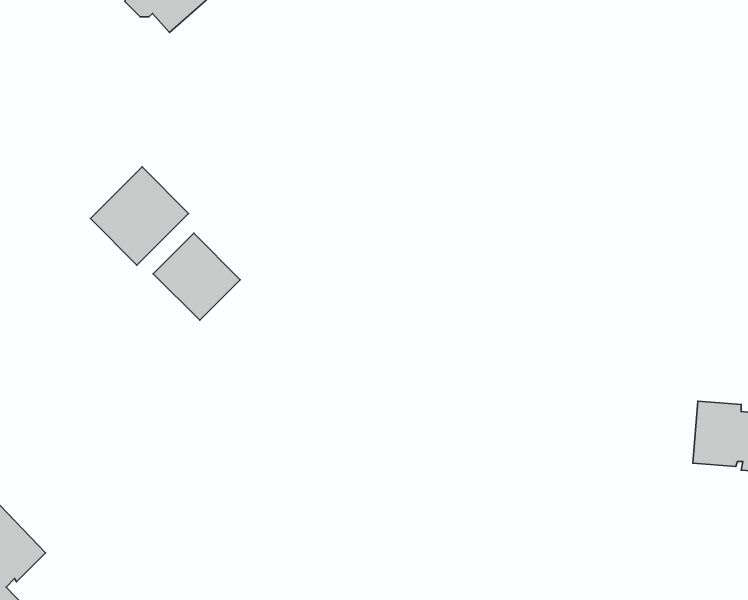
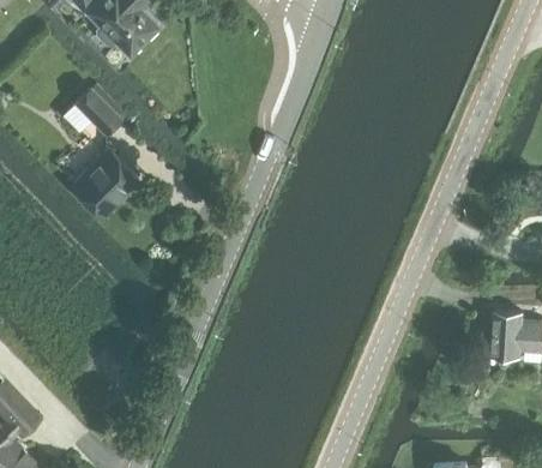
building: none -> [73,86,120,134]
building: [153,233,240,320] -> none

